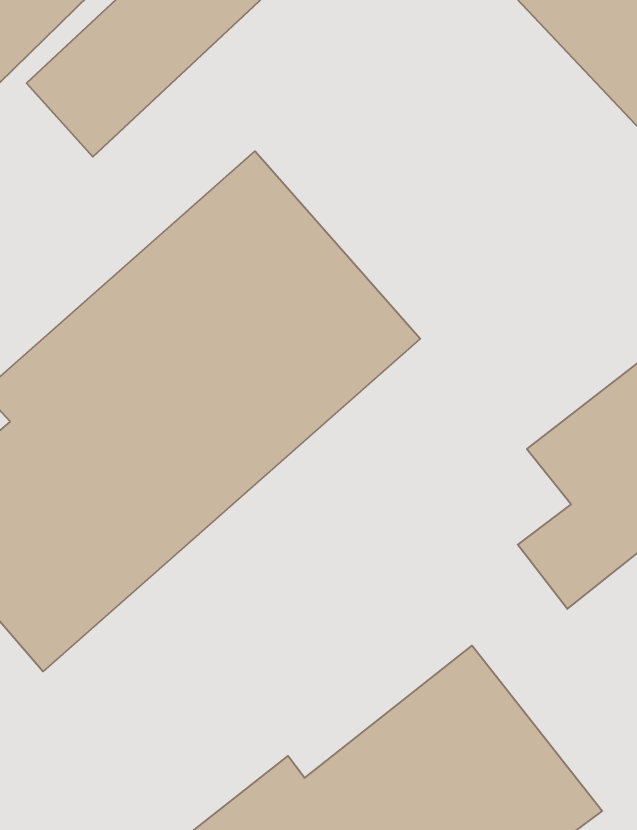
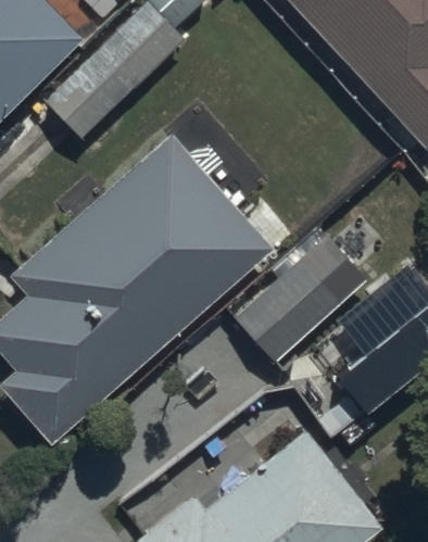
building: none -> [231,227,367,357]

